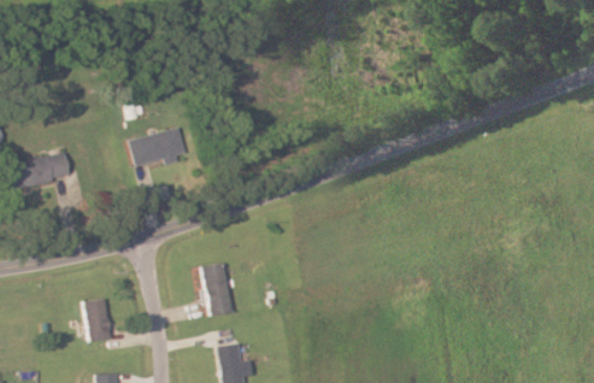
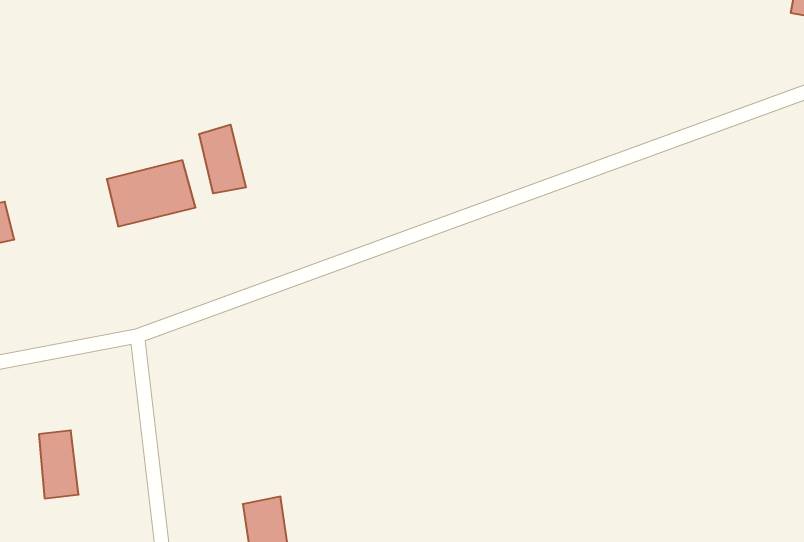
building: none -> [199,125,246,193]
building: [201,264,231,316] -> none

